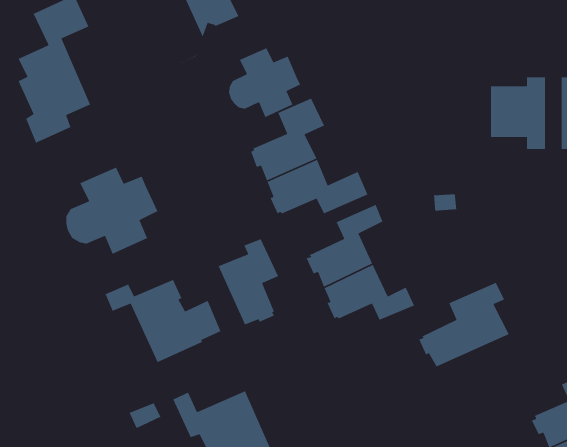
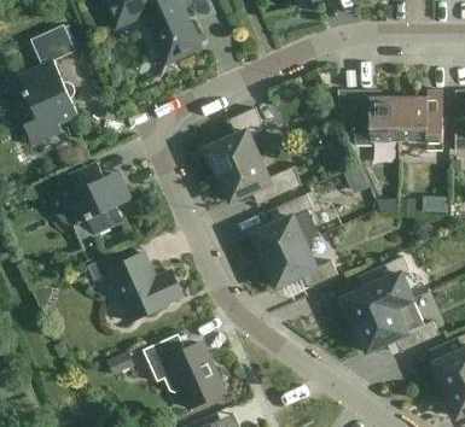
building: [228,47,301,118] -> none
building: none -> [338,90,399,145]
building: [218,238,279,325] -> none
building: none -> [355,298,440,352]

